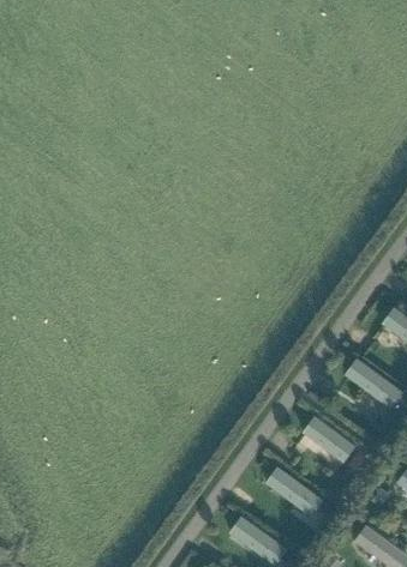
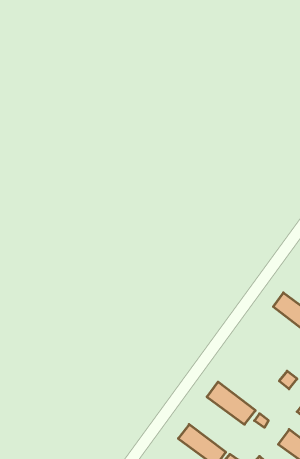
building: [301,415,359,465] -> none

